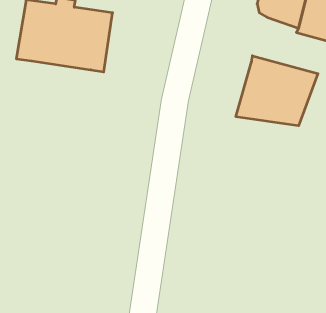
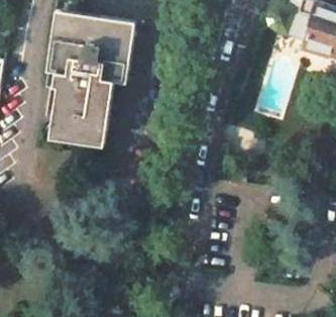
building: [236,56,318,126] -> none
building: none -> [49,74,114,139]

